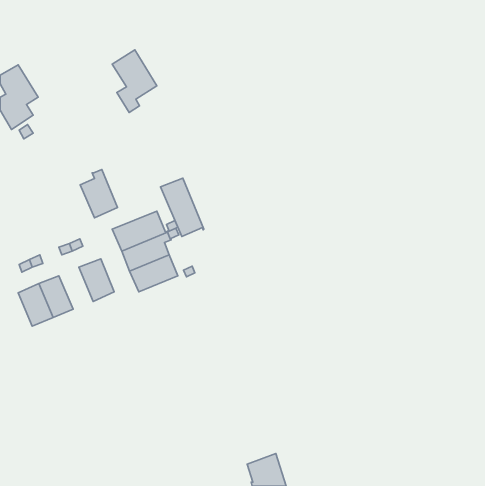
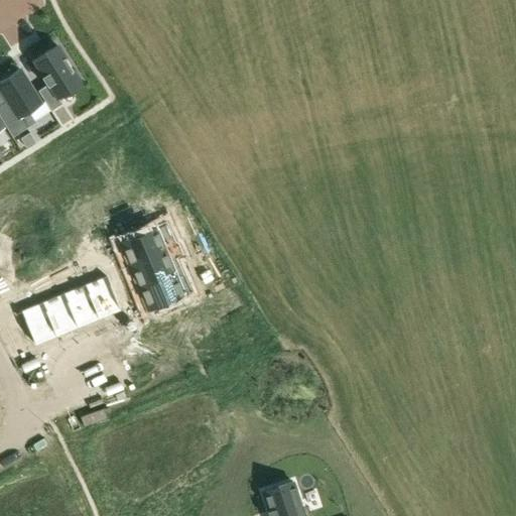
building: [112,50,157,113] -> [33,44,81,111]
building: [80,169,118,218] -> none
building: [161,178,204,236] -> none
building: none -> [63,283,100,328]

